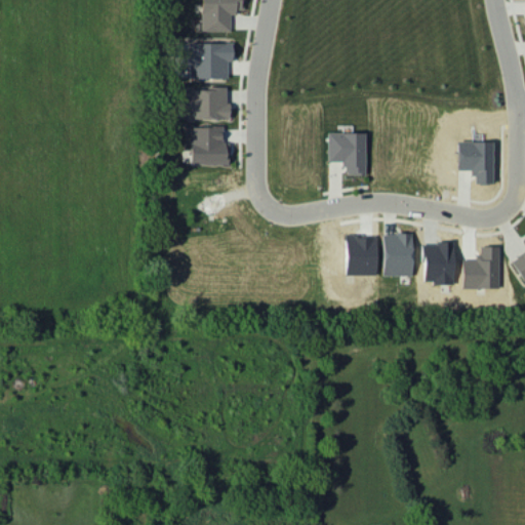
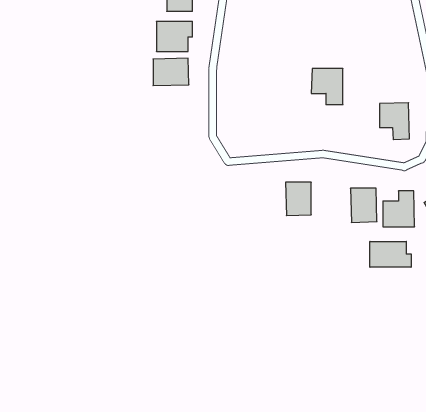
building: [191,126,230,165] -> none
building: [328,132,366,175] -> [311,69,343,105]
building: [383,234,413,276] -> none
building: none -> [370,241,411,267]

